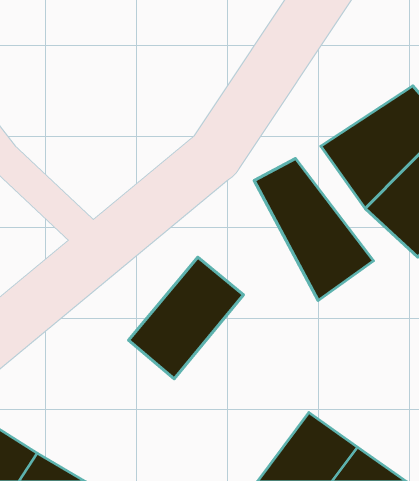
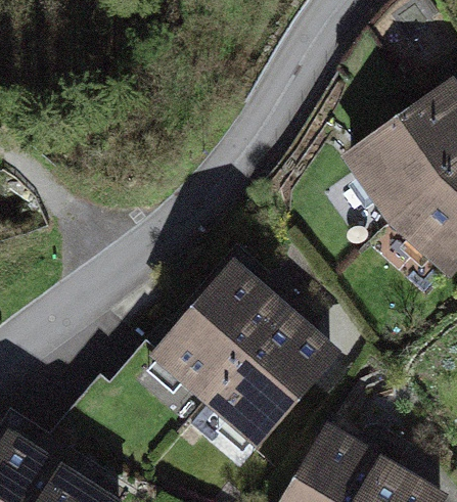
building: [254,158,373,300] -> none
building: none -> [200,308,324,438]

